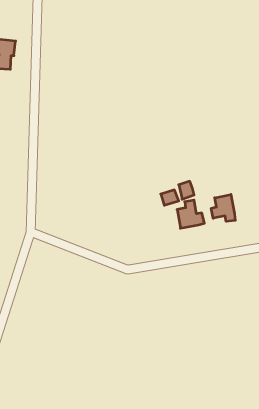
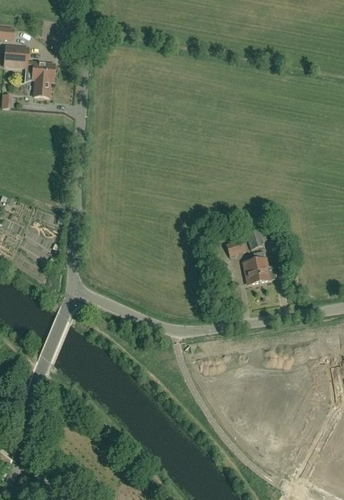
building: [211,194,235,221] -> none

